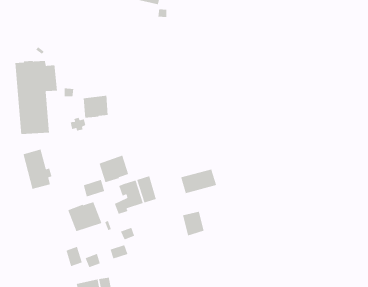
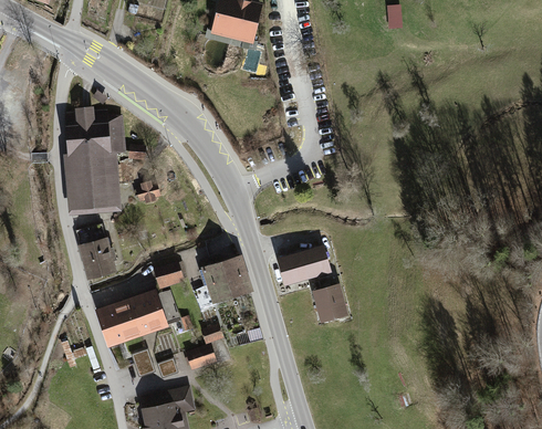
building: [83,95,108,119] -> none
building: [99,154,129,183] -> none
building: none -> [97,304,146,345]
building: [182,211,205,236] -> [316,289,345,322]

